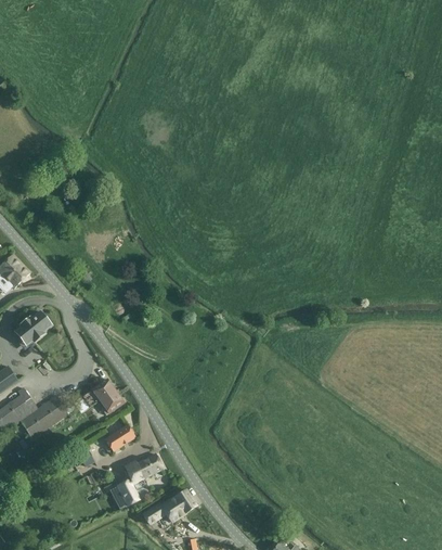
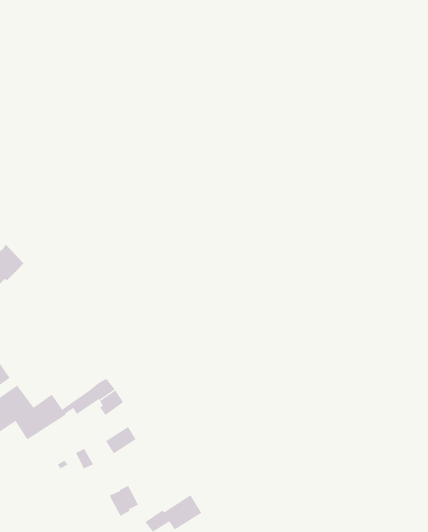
building: [15,311,49,345] -> none
building: [123,455,162,484] -> none

